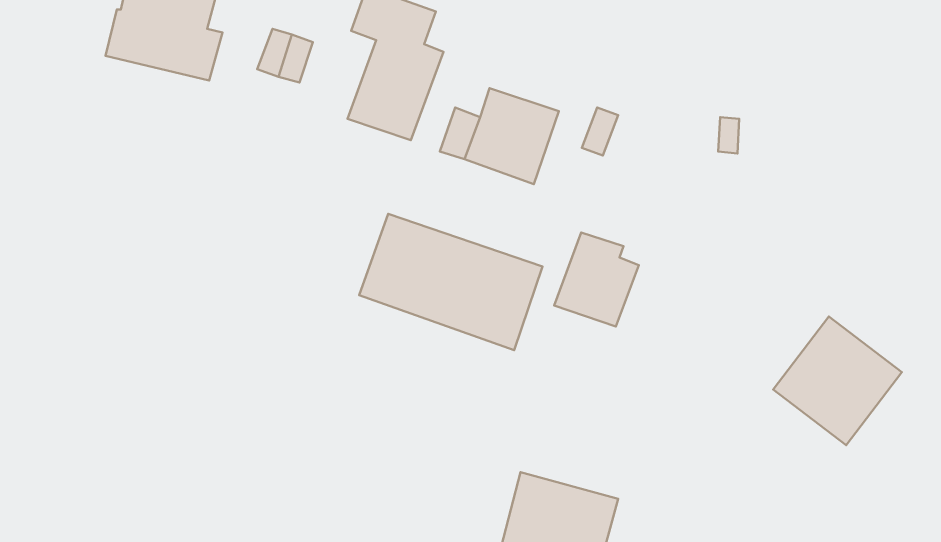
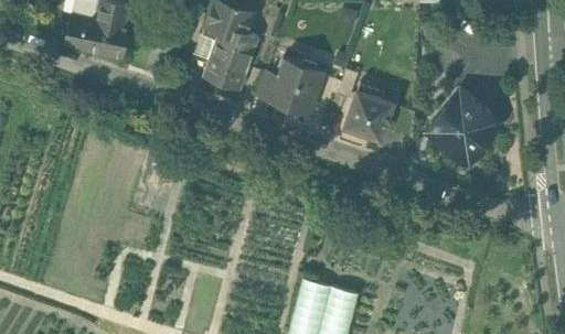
building: [359,214,542,350] -> none
building: [554,233,639,327] -> [344,84,393,138]
building: [773,316,902,445] -> [427,89,501,163]

